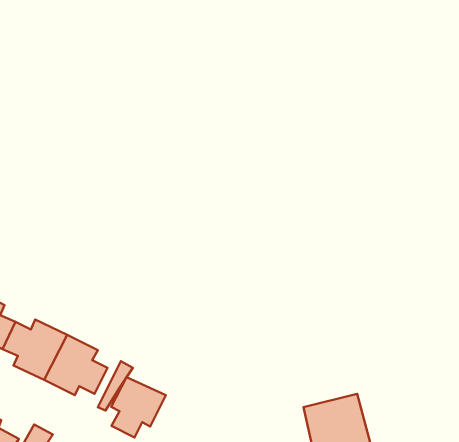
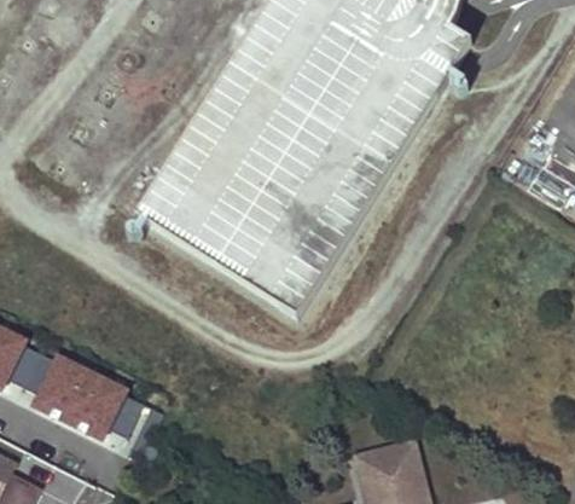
building: [111,377,166,437] -> none

